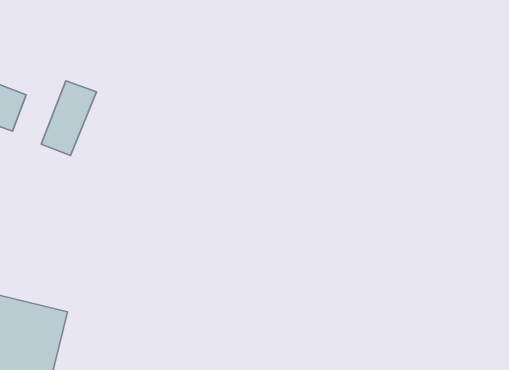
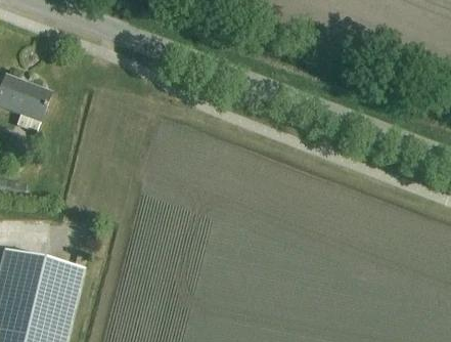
building: [41,81,97,156] -> none

